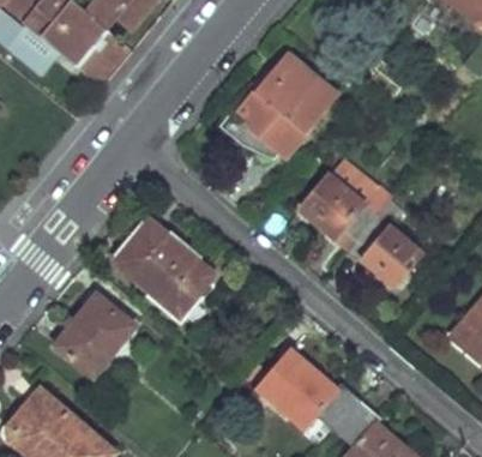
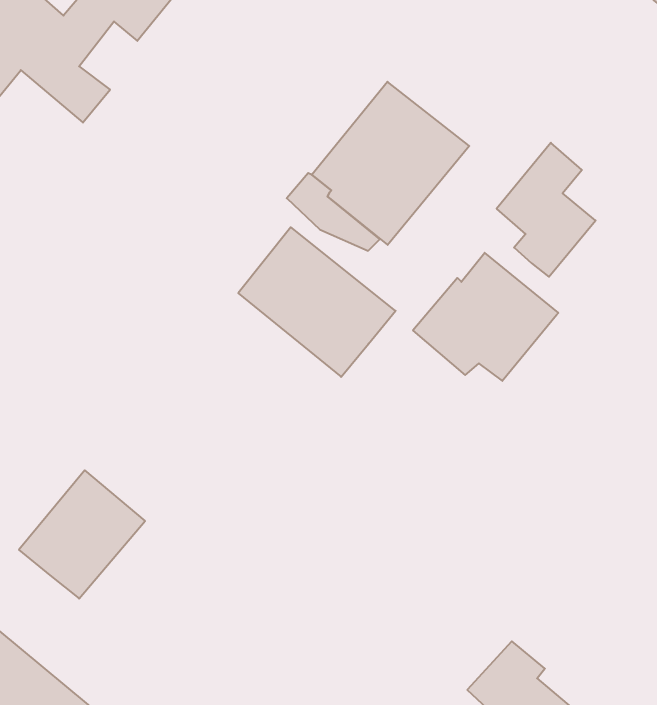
building: [355,198,416,281] -> [497,143,596,277]
building: [115,222,212,314] -> [238,227,396,377]
building: [259,348,361,429] -> none

